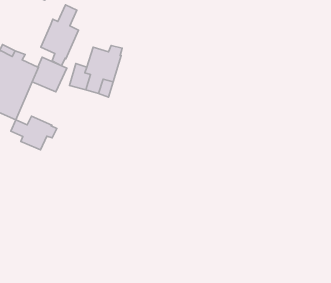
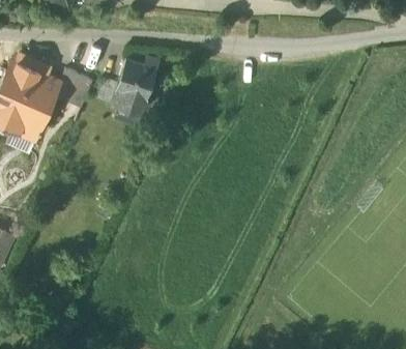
building: [41,5,79,66] -> none
building: [11,116,57,150] -> none

